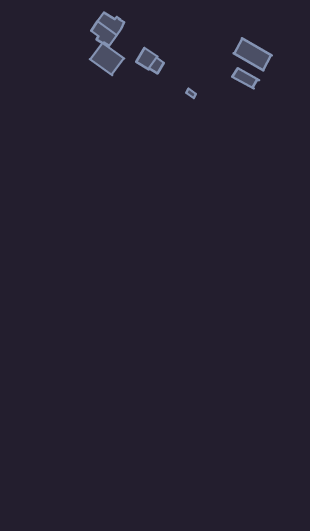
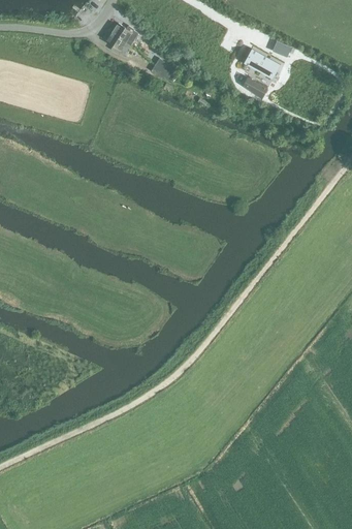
building: [90,43,124,75] -> none

